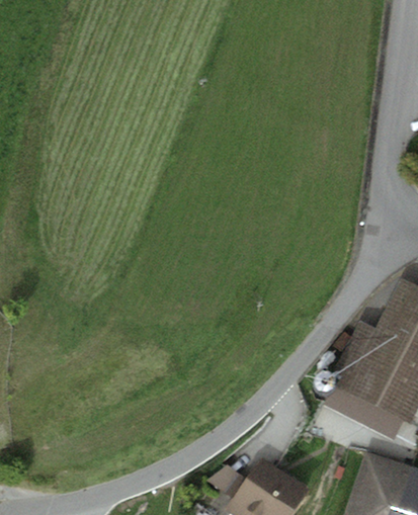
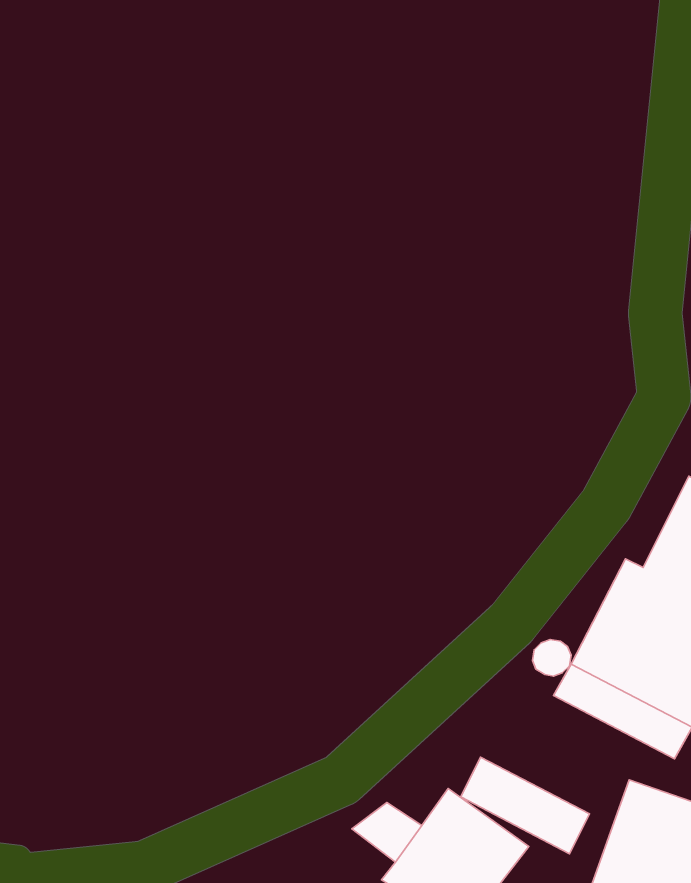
building: none -> [461,757,589,854]

